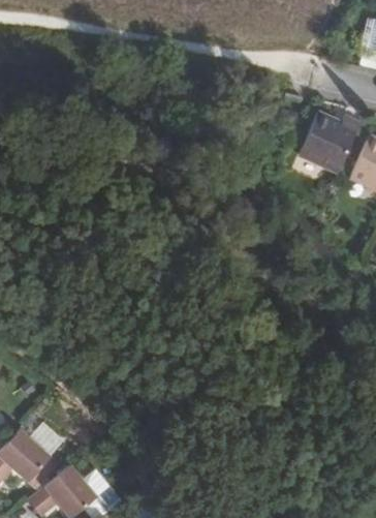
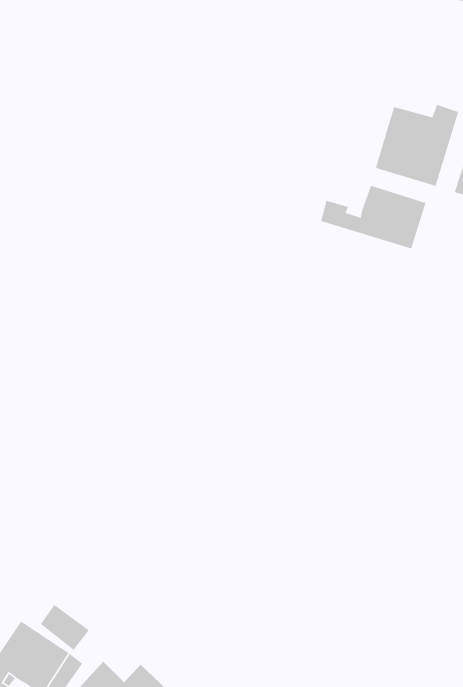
building: none -> [320,185,426,249]

